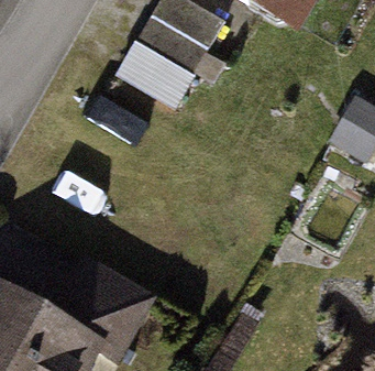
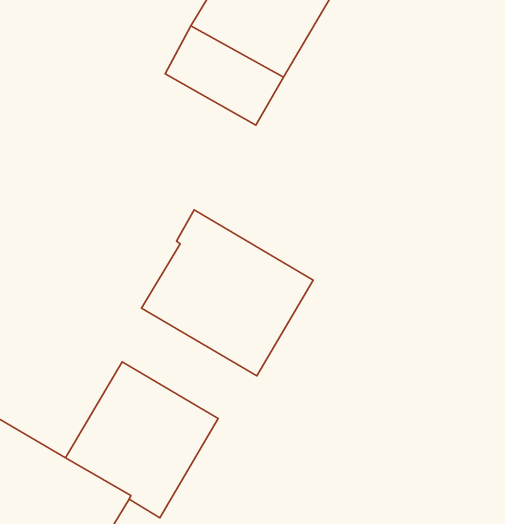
building: none -> [142,210,313,376]

